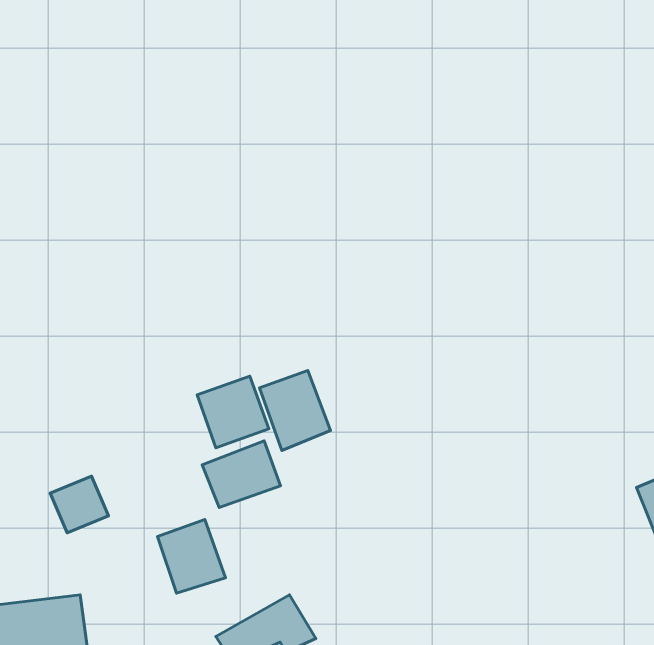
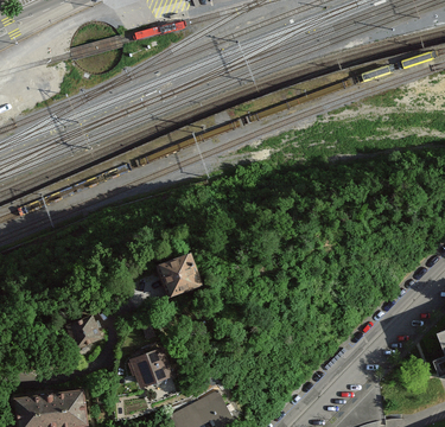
building: [260,371,331,450] -> none
building: [202,441,280,508] -> none

